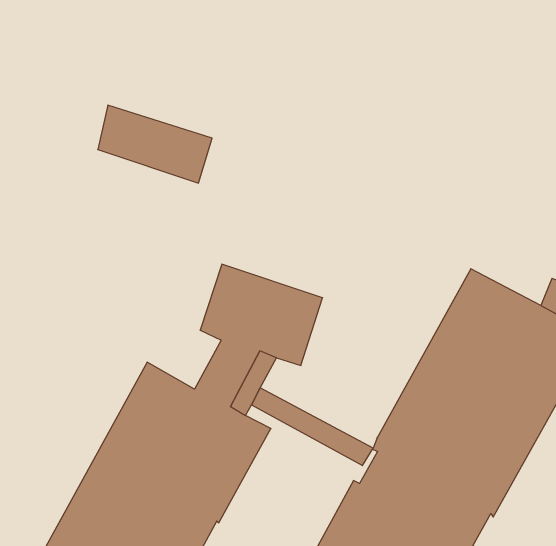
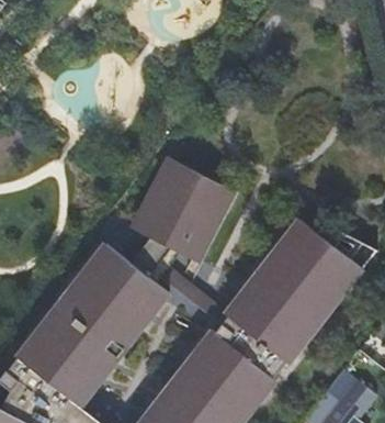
building: [98,105,212,183] -> [157,172,223,225]

